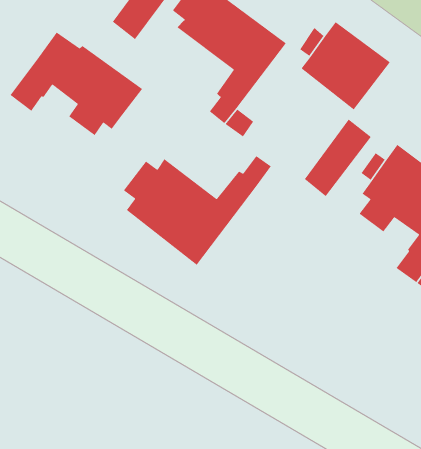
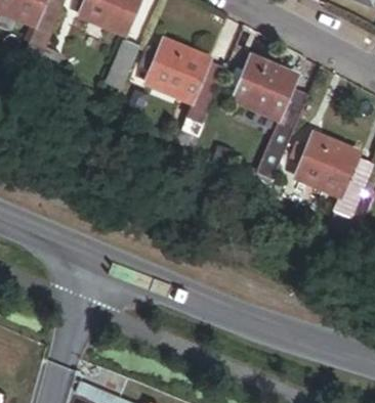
building: [10,32,143,136] -> none
building: [123,155,272,266] -> none

